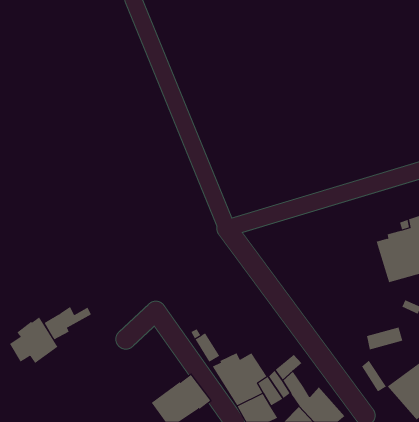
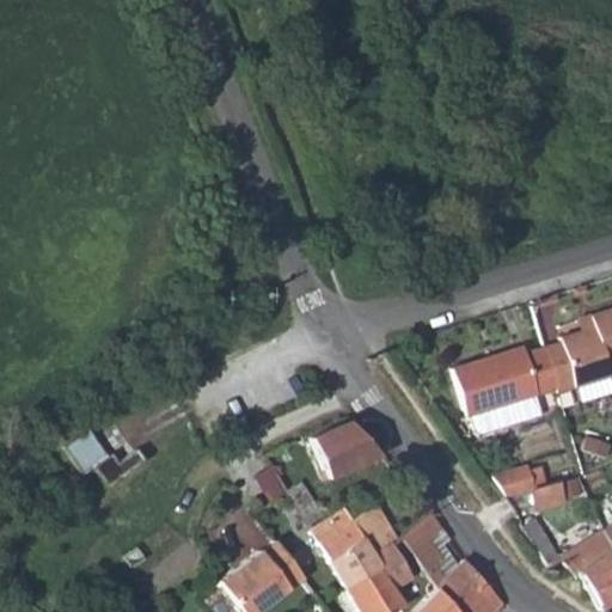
building: none -> [453,347,561,435]
building: none -> [314,414,379,470]
building: [9,317,58,364] -> none
building: none -> [488,459,534,497]

